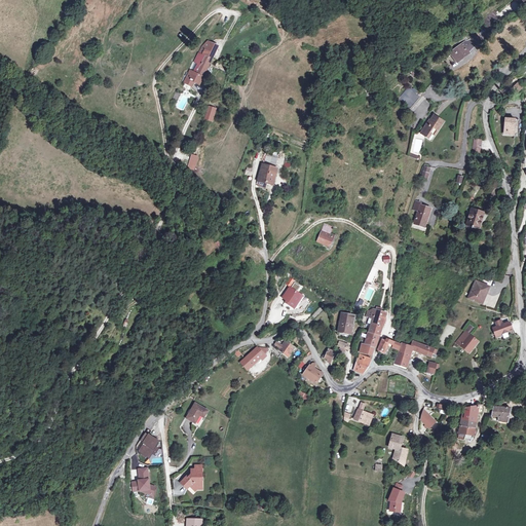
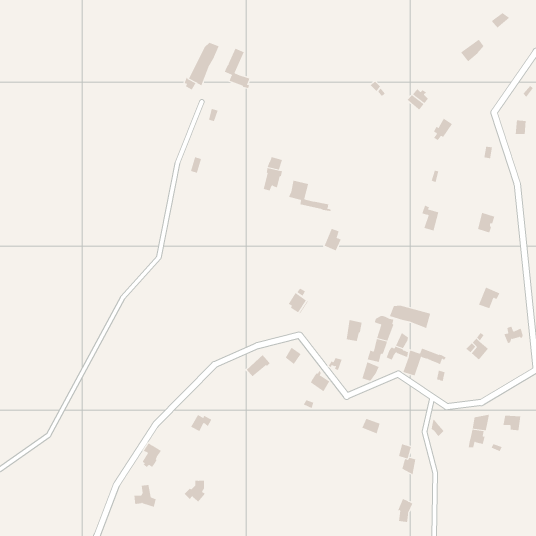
building: none -> [224,48,250,89]
building: none -> [289,180,331,212]
building: none -> [389,305,431,329]

